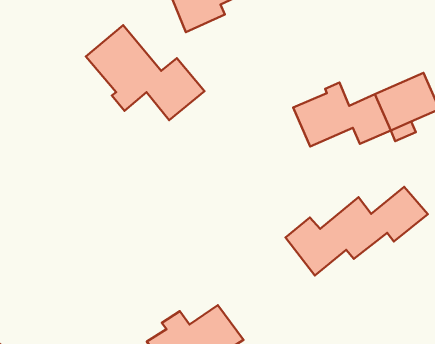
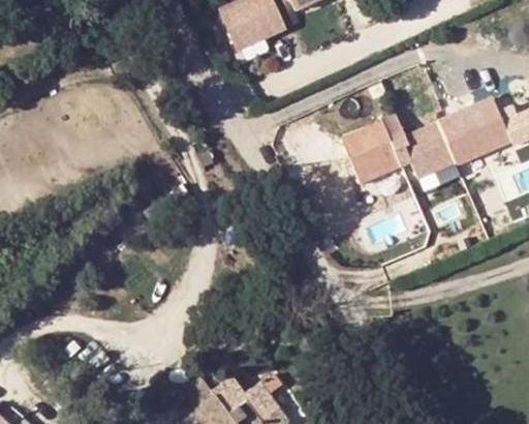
building: [86,25,204,120] -> none
building: [285,187,428,276] -> none

